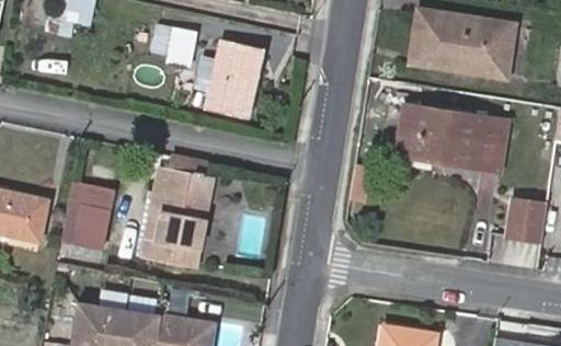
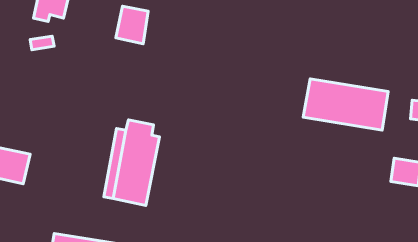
building: [411,11,511,76] -> none
building: [207,43,260,116] -> none
building: [61,182,113,250] -> none

